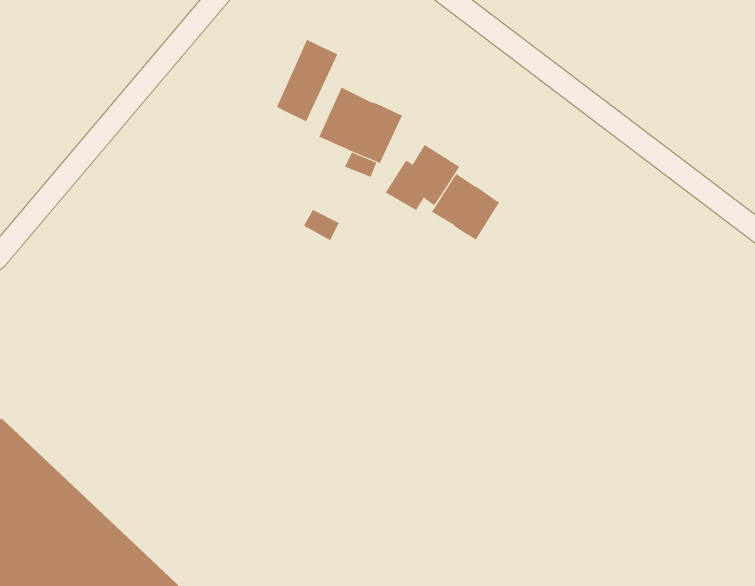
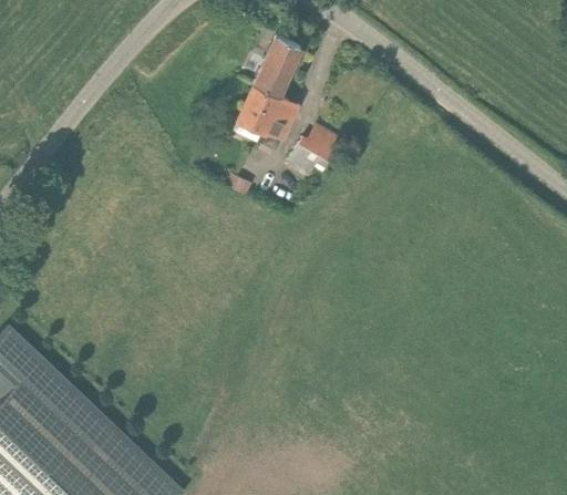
building: [276,39,338,122] -> [254,33,299,94]
building: [431,173,500,240] -> none

